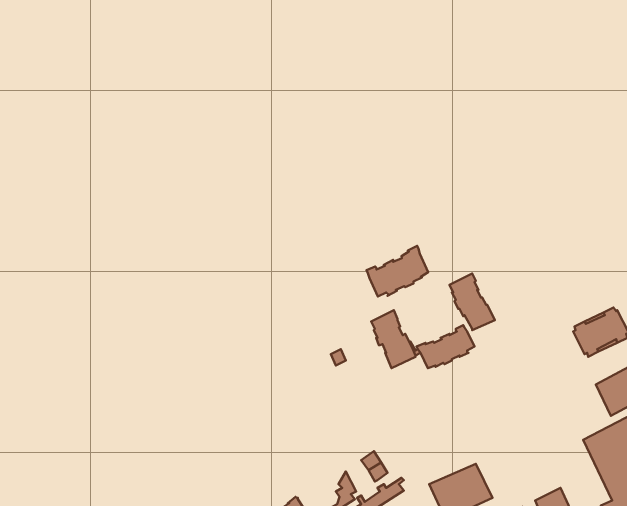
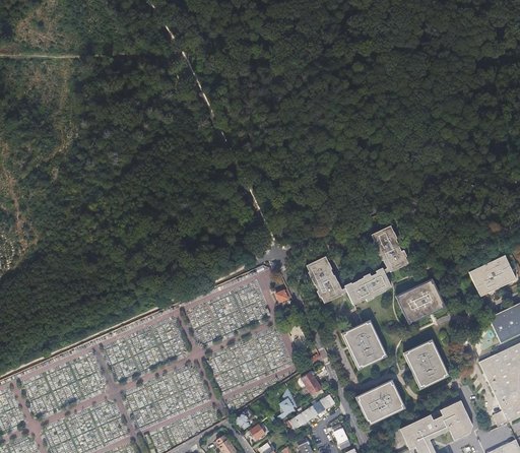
building: [367,246,428,296] -> none
building: none -> [395,278,446,324]
building: none -> [341,320,387,370]
building: none -> [403,339,450,390]

